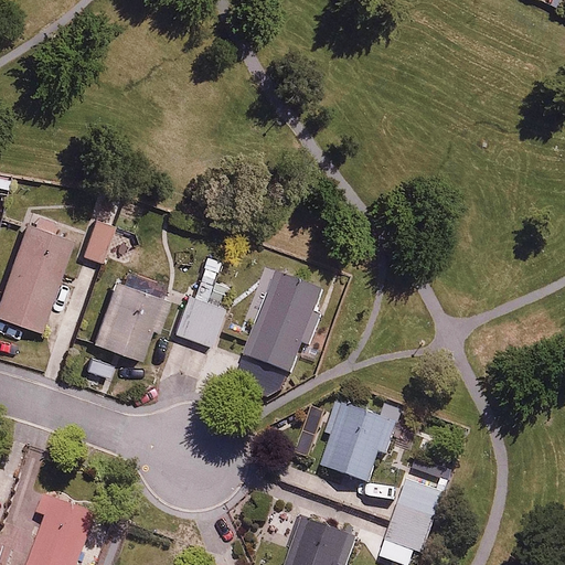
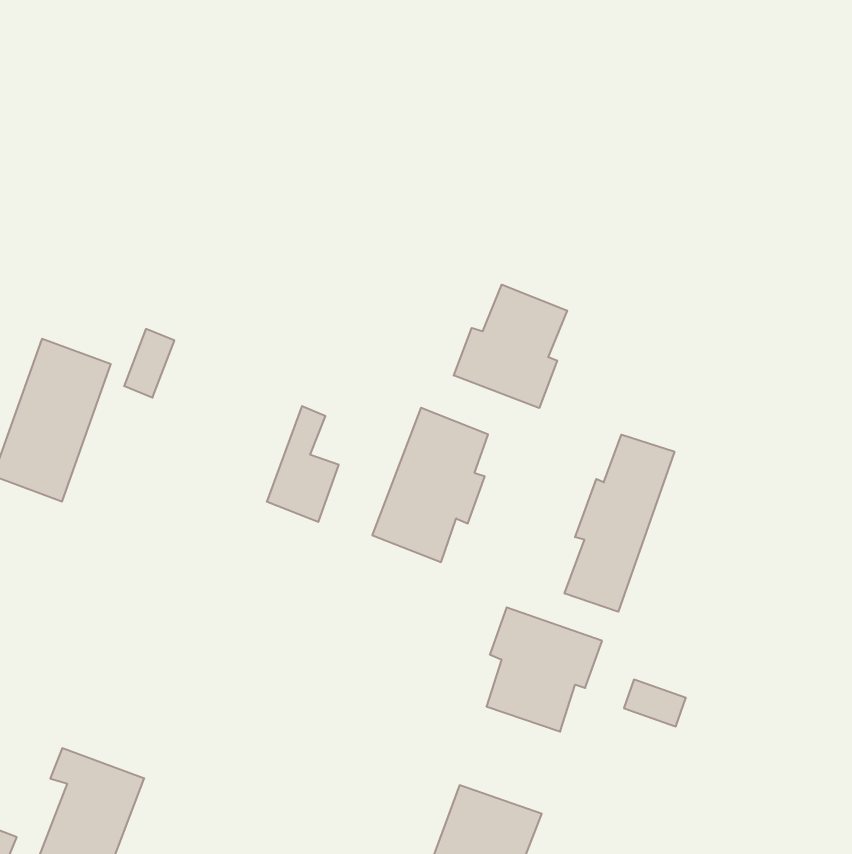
building: none -> [454,285,567,408]
building: [93,279,171,360] -> none
building: none -> [565,435,674,612]
building: [384,480,441,555] -> none

